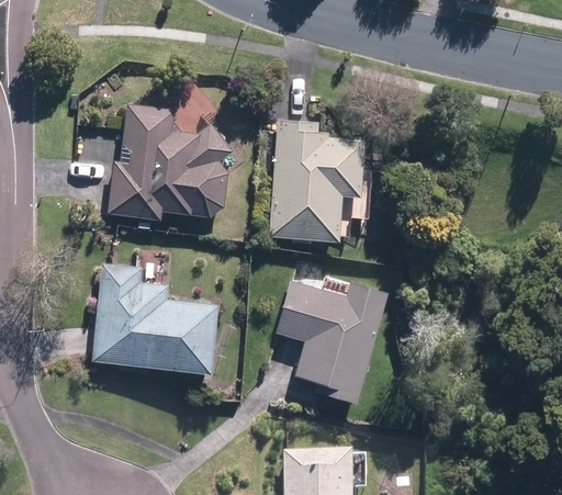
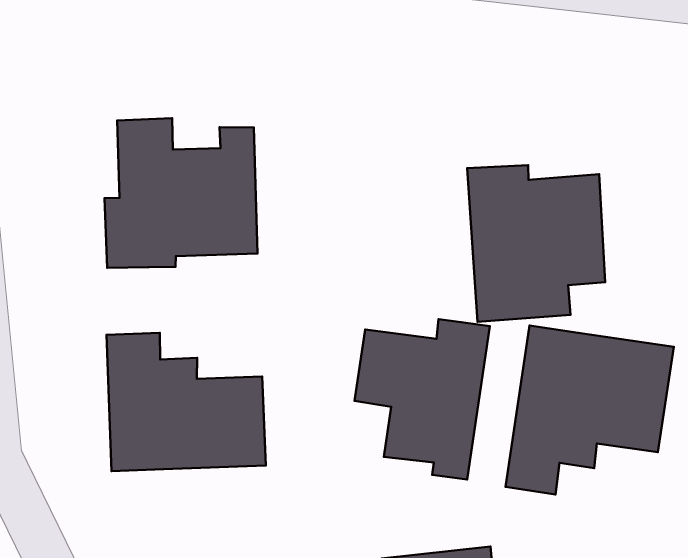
building: [270,121,373,238] -> [467,165,605,322]
building: none -> [506,326,674,495]

